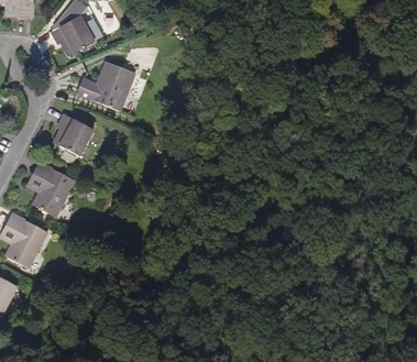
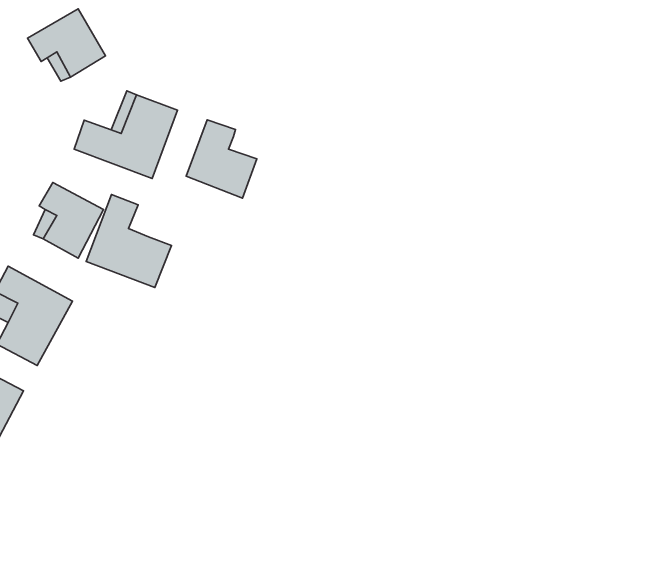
building: none -> [186,120,257,198]
building: none -> [86,195,171,287]

